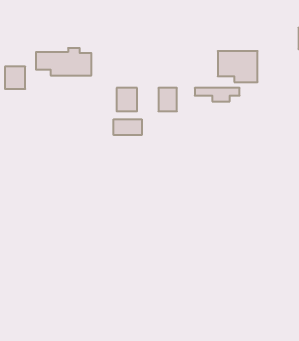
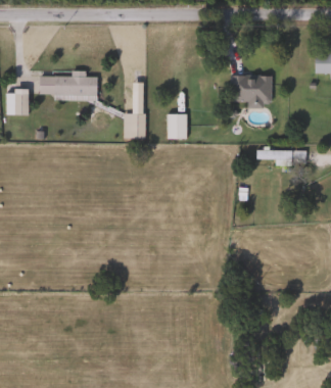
building: [195,88,240,101] -> [256,150,303,164]
building: [114,119,142,135] -> none

